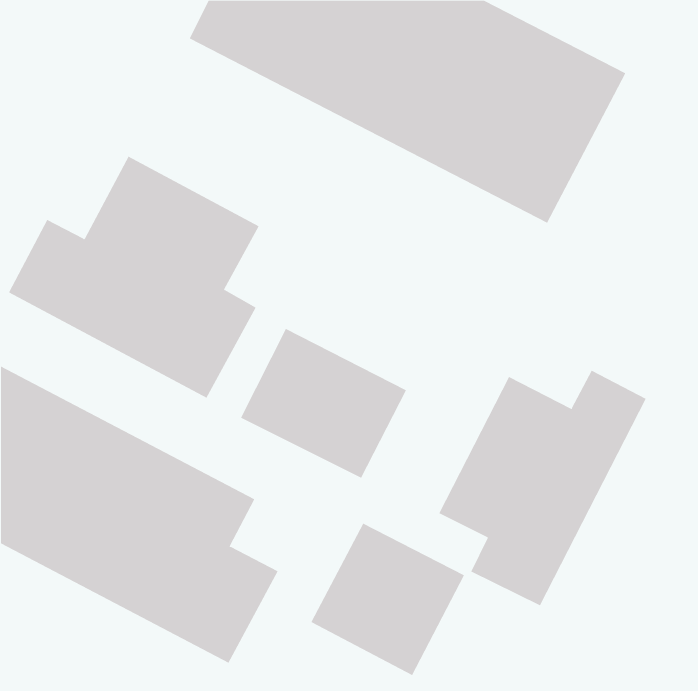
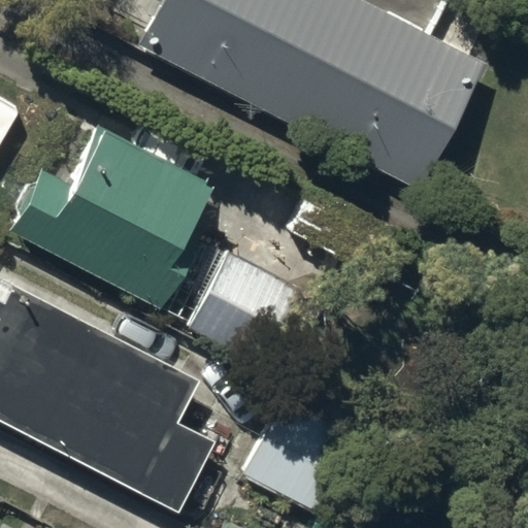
building: [439,370,647,606] -> none

